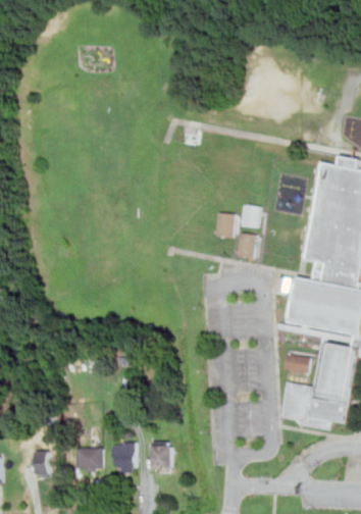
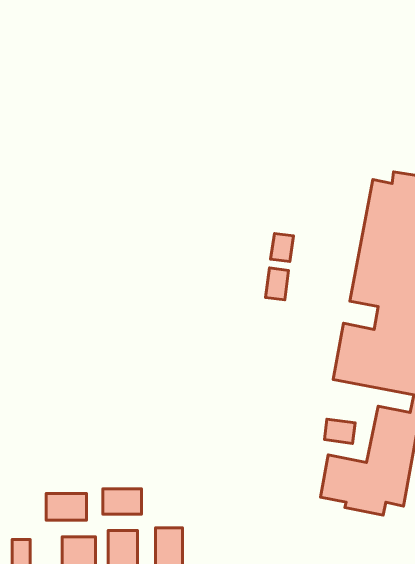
building: [215,212,233,238] -> none
building: none -> [103,489,142,514]
building: none -> [46,494,86,520]

